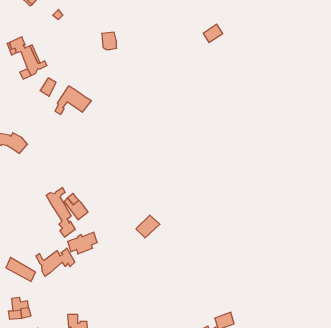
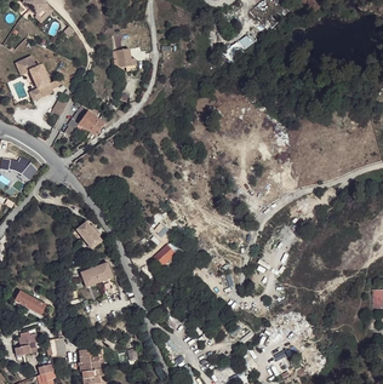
building: [46,187,75,237] -> none
building: [36,248,75,276] -> none

